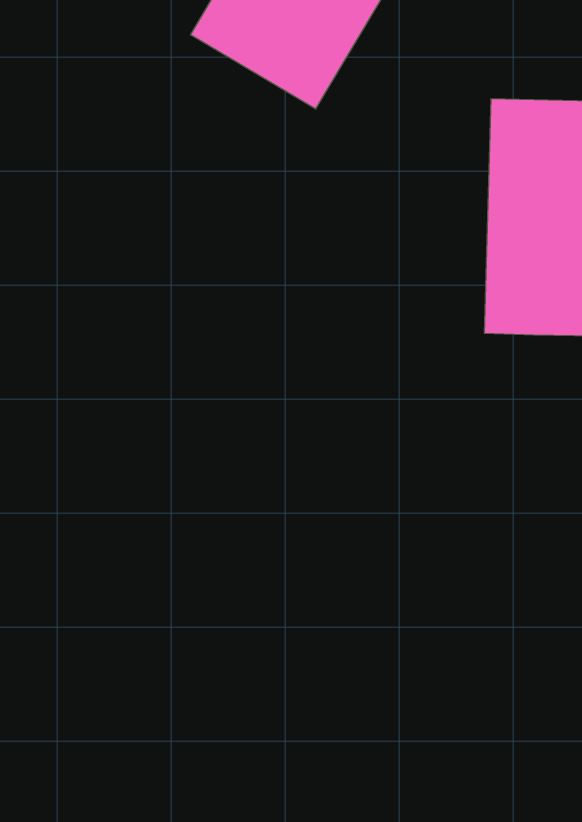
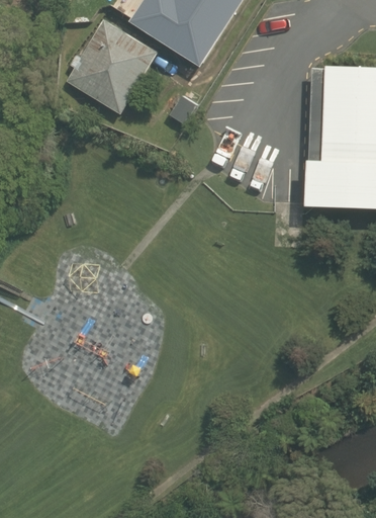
building: none -> [67,18,160,112]

